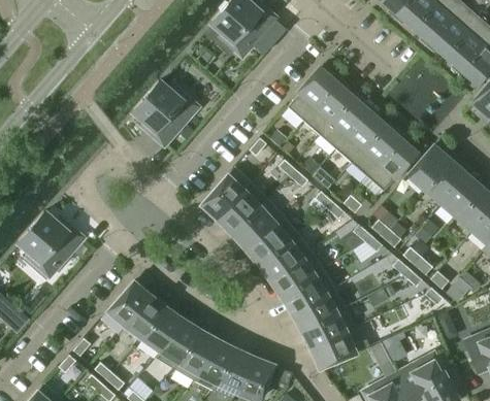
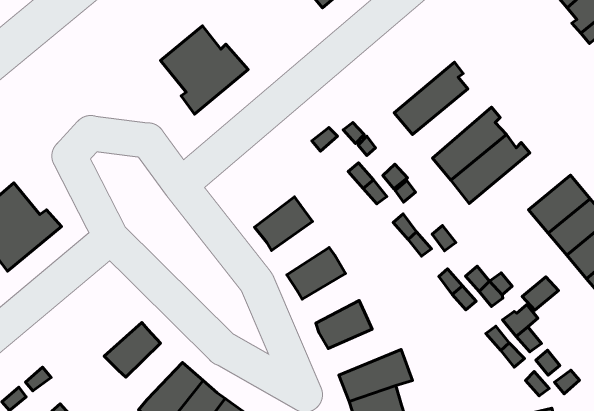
building: [288,69,341,122] -> none
building: [320,97,372,149] -> none
building: [367,135,418,192] -> none
building: [203,177,243,218] -> none
building: [233,207,273,247] -> none
building: [260,240,300,278] -> none
building: [284,269,335,312] -> none
building: [109,283,150,325] -> none
building: [144,309,183,350] -> none

